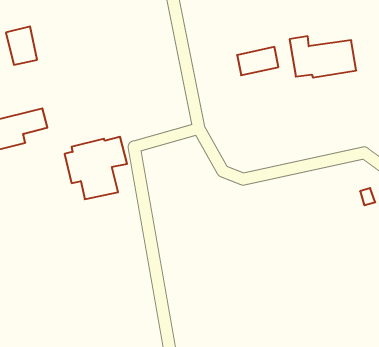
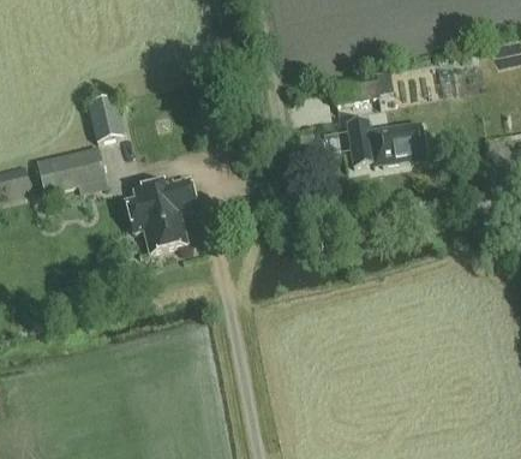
building: [6,26,37,65] -> [86,94,124,139]
building: [290,36,356,78] -> [346,115,425,165]

